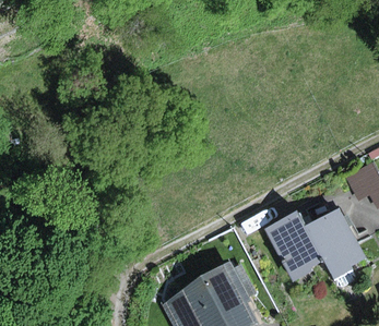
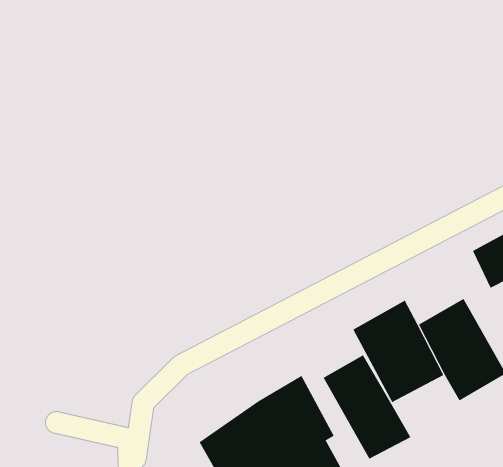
building: none -> [323,355,411,460]

